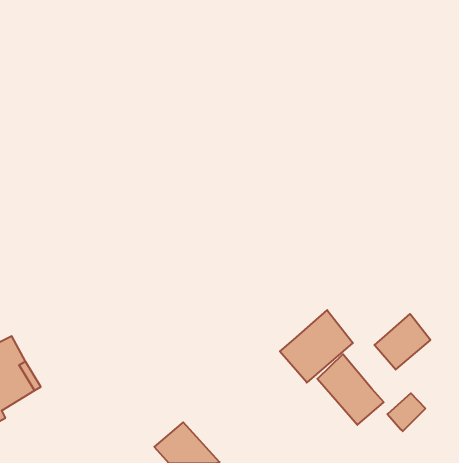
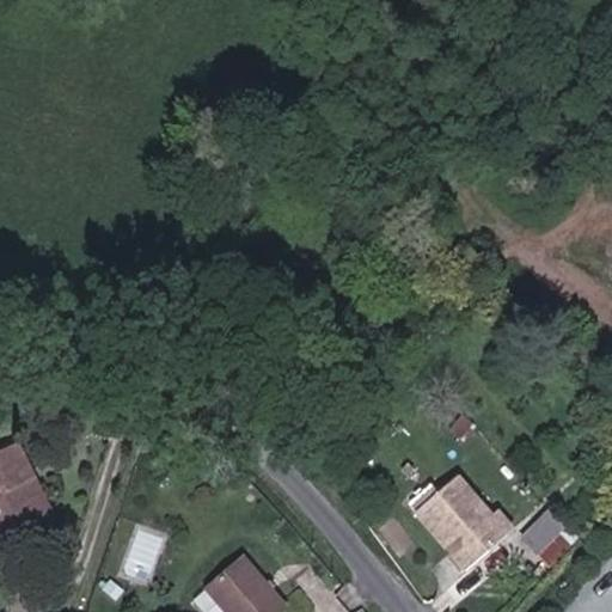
building: [280,310,353,383] -> none
building: [374,314,430,370] -> none

